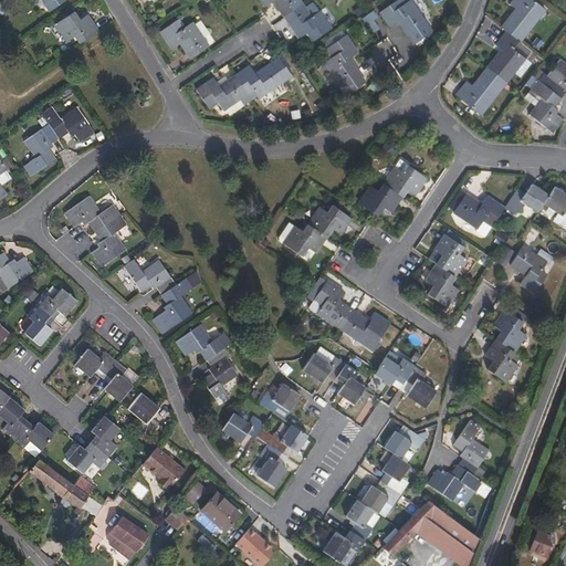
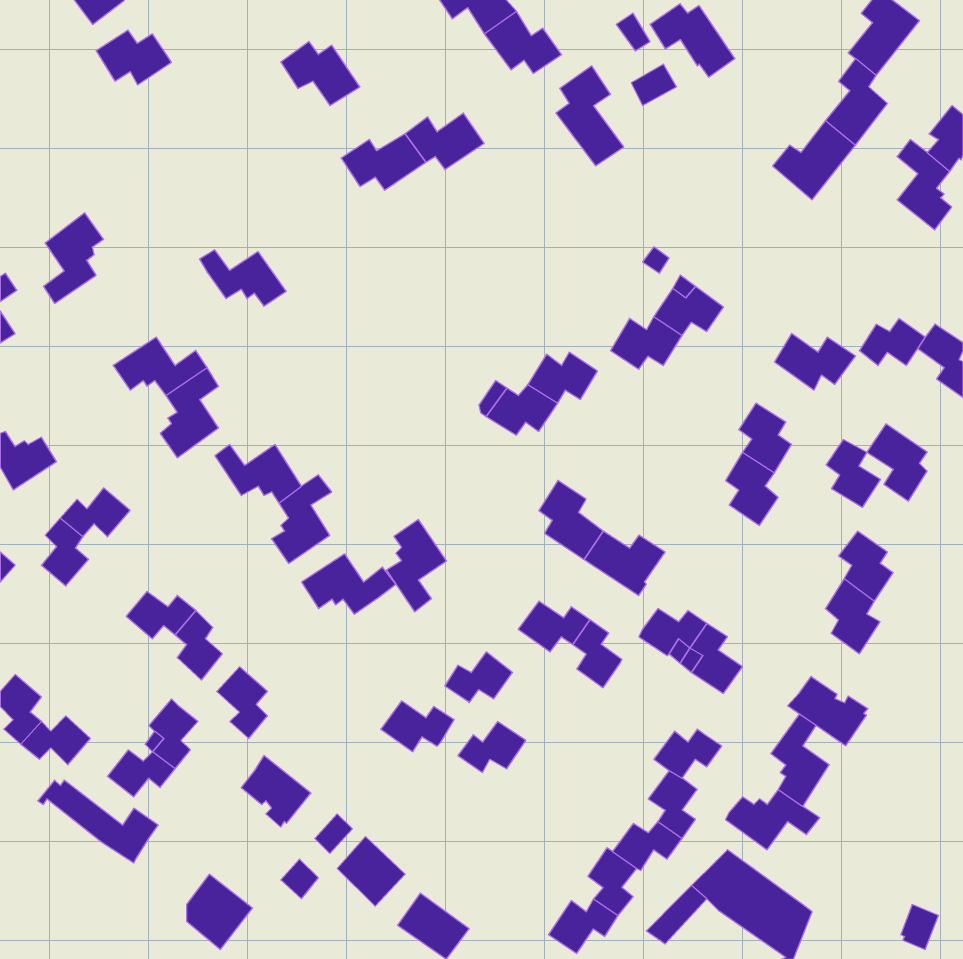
building: [45,112,96,145] -> [200,250,286,306]
building: none -> [826,440,880,507]
building: [203,350,239,405] -> [386,519,447,612]
building: none -> [788,676,868,746]
building: [260,443,287,483] -> none

